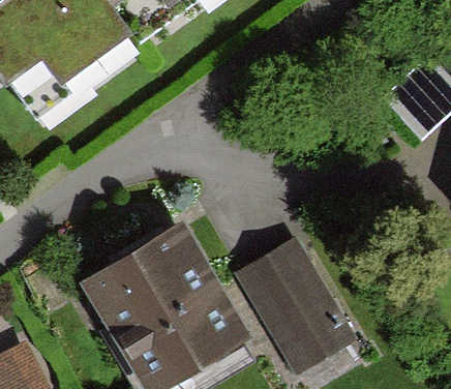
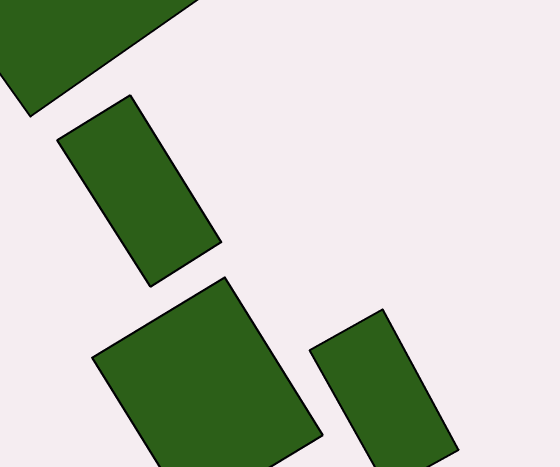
building: none -> [57,95,221,287]

